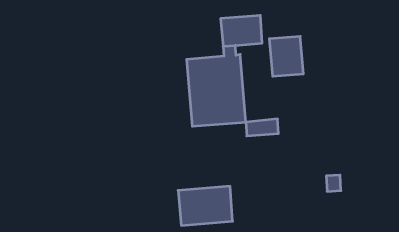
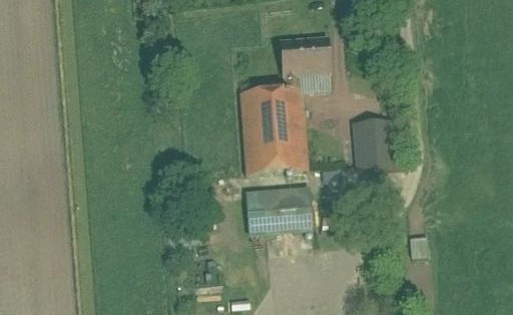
building: [269,36,303,76] -> [354,120,396,170]
building: [178,186,233,225] -> [244,187,312,235]

